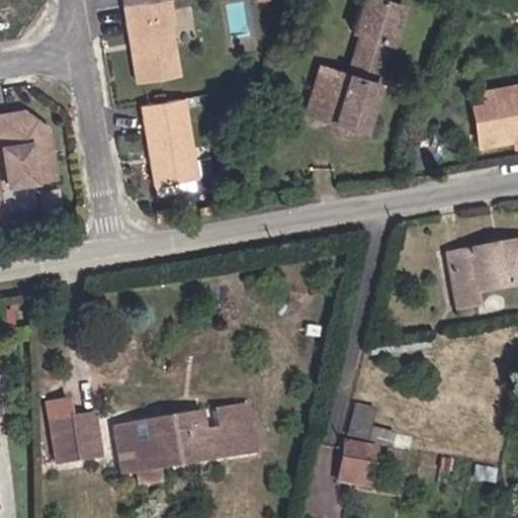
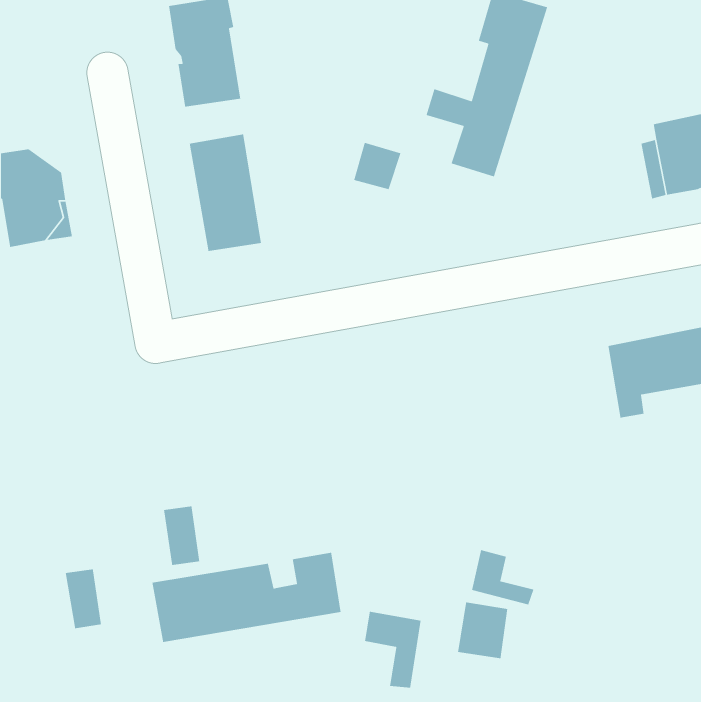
building: [307,85,342,120] -> [353,142,401,190]
building: [71,415,98,459] -> [163,505,200,566]
building: none -> [364,611,422,688]

